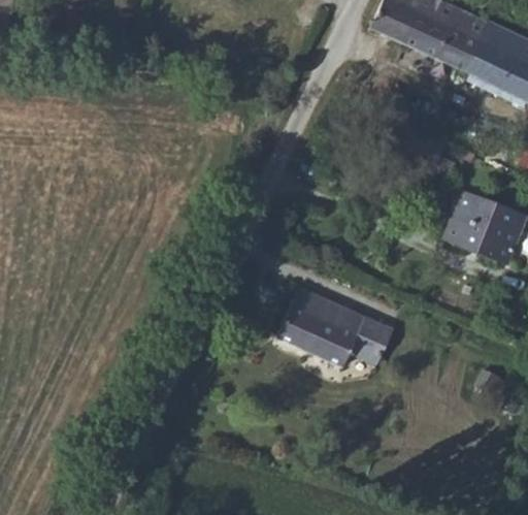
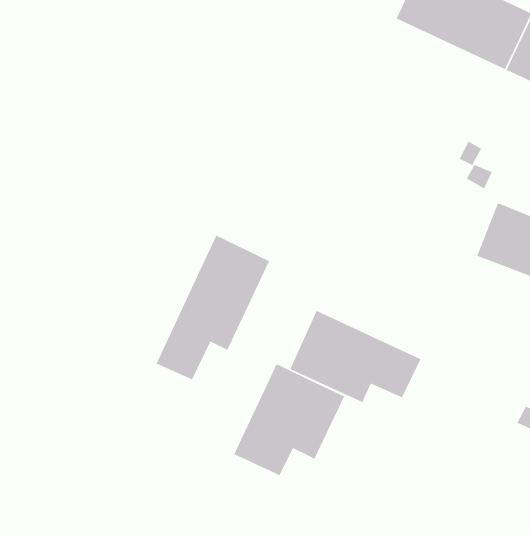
building: none -> [156,234,270,381]
building: none -> [233,363,345,476]

